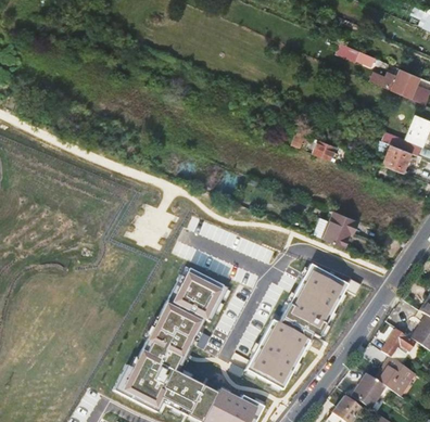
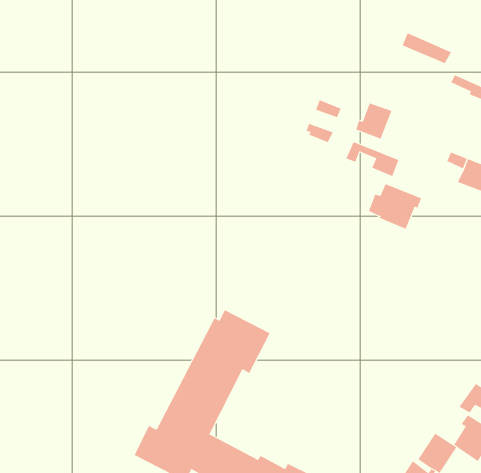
building: none -> [356,103,392,139]
building: [313,210,357,248] -> [368,184,422,230]
building: [245,265,364,391] -> none

